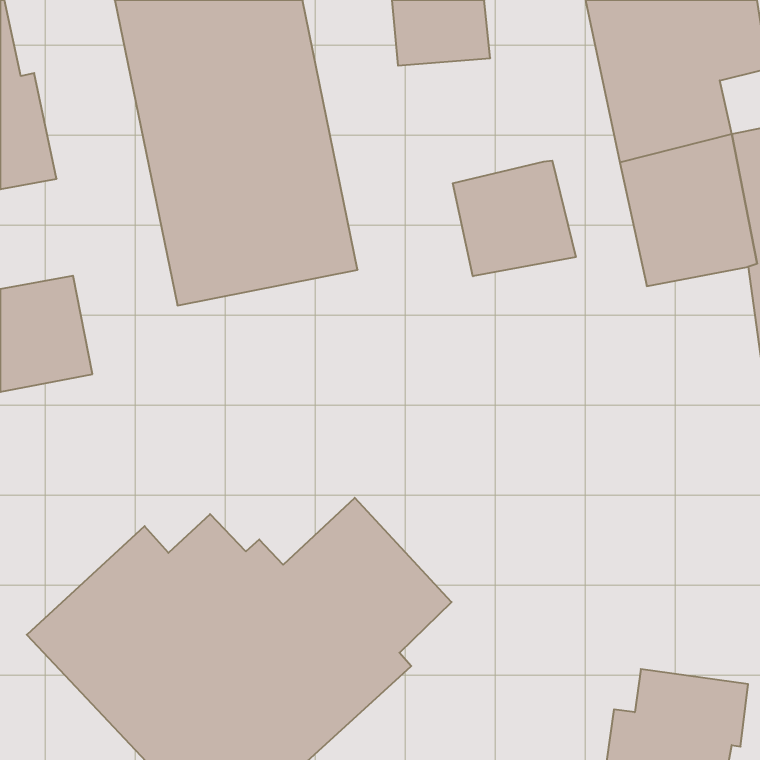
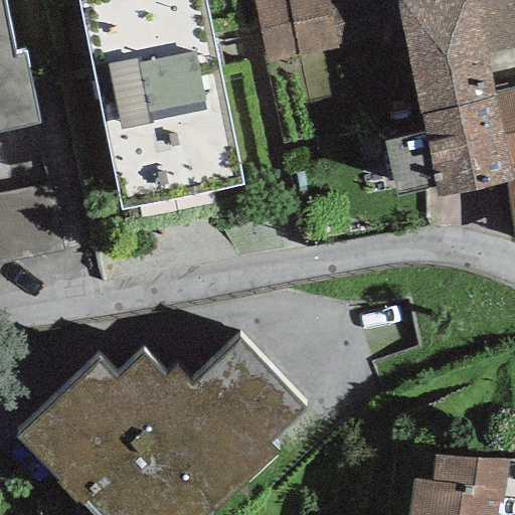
building: [453,161,576,276] -> none

